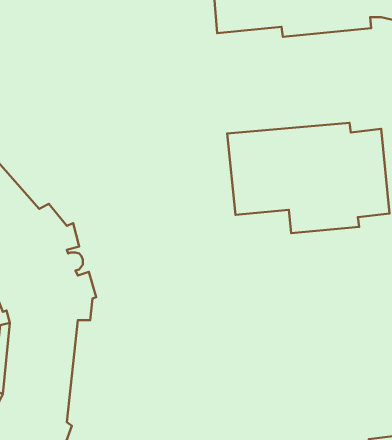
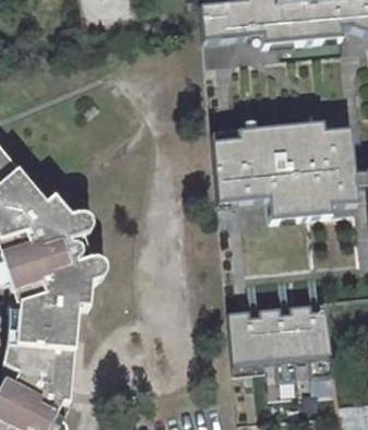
building: none -> [228,304,333,381]

